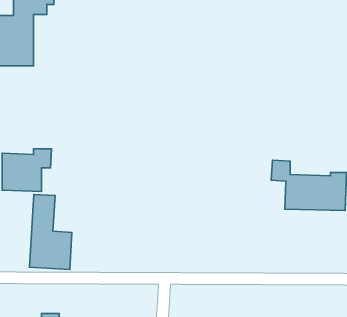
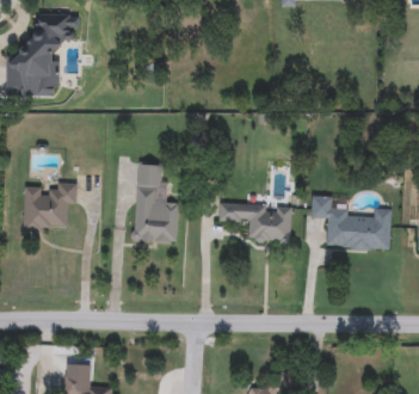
building: none -> [218,202,291,240]
building: [29,194,72,269] -> [133,162,178,242]

